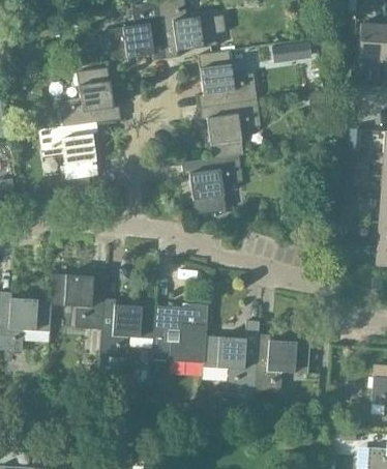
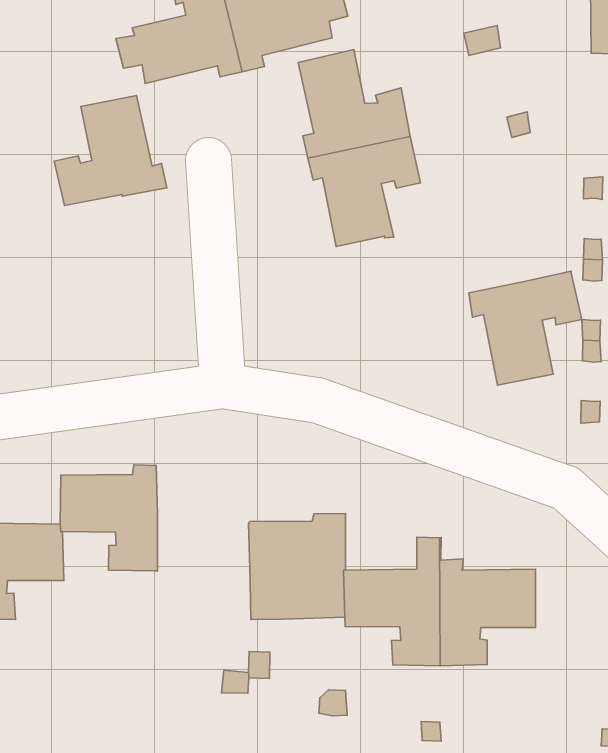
building: [39,121,98,179] -> none
building: [182,153,243,213] -> [469,271,582,385]
building: [99,298,154,357] -> none

